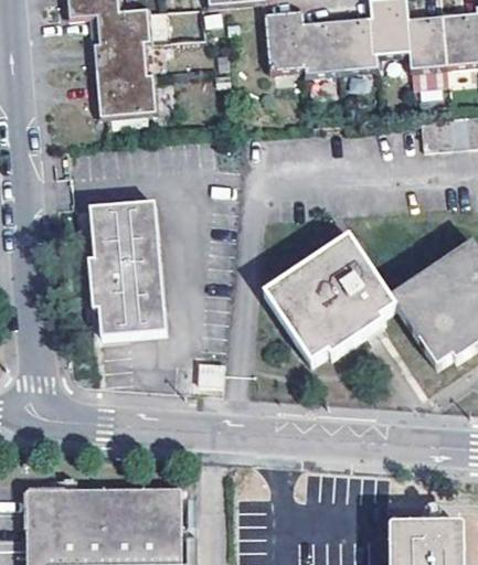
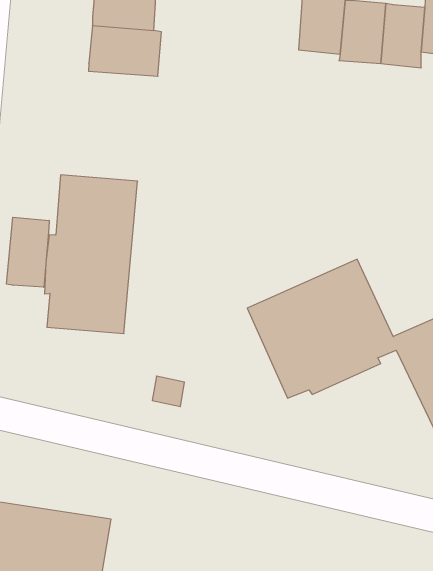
building: none -> [7,217,49,287]

